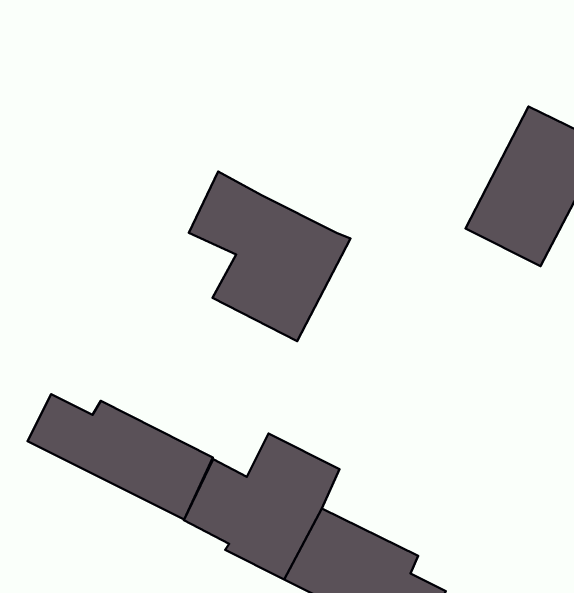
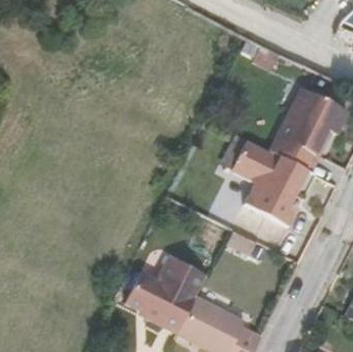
building: [189,172,350,341] -> [232,138,315,225]
building: [28,394,213,519] -> none

